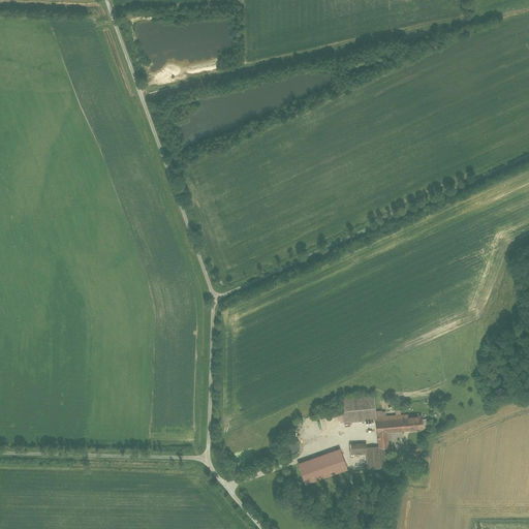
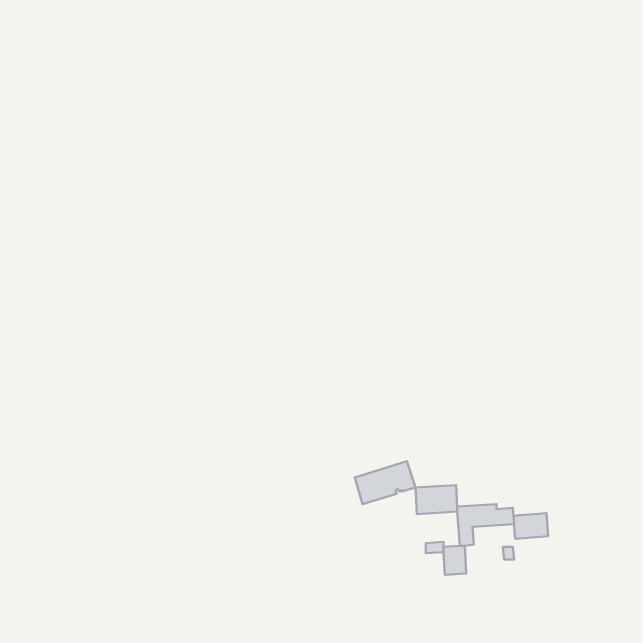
building: none -> [514,513,548,539]
building: [300,449,349,485] -> [355,461,416,504]

